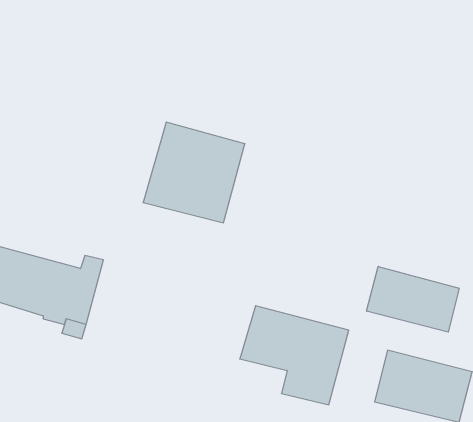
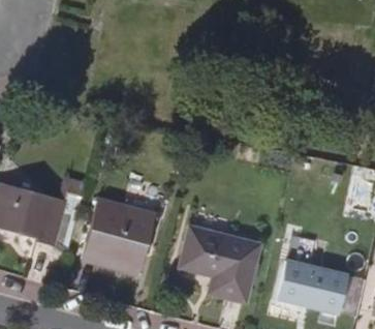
building: [143,122,245,223] -> [82,201,155,273]
building: [367,266,459,332] -> none

